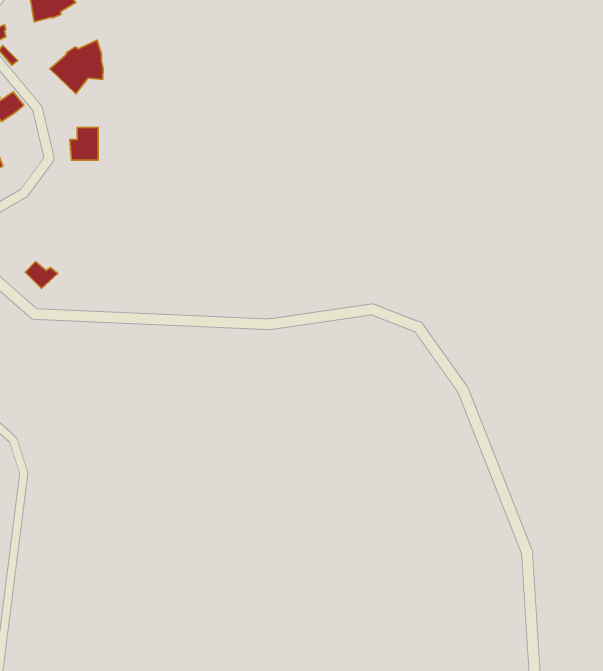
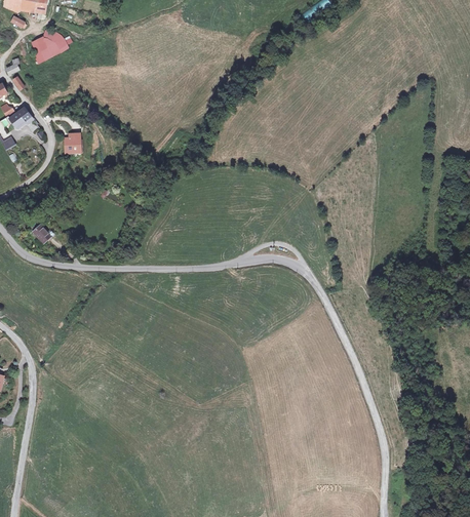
building: [50,40,103,94] -> none

